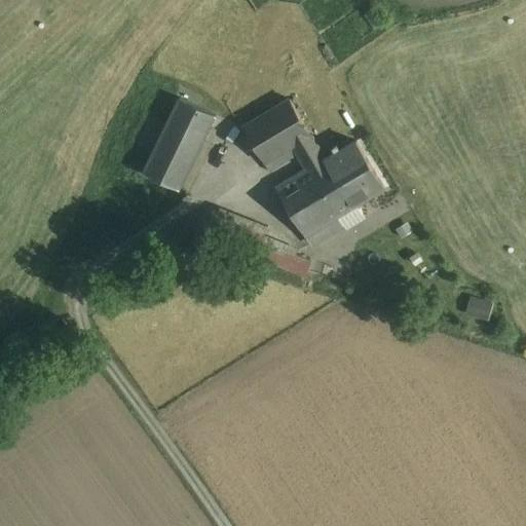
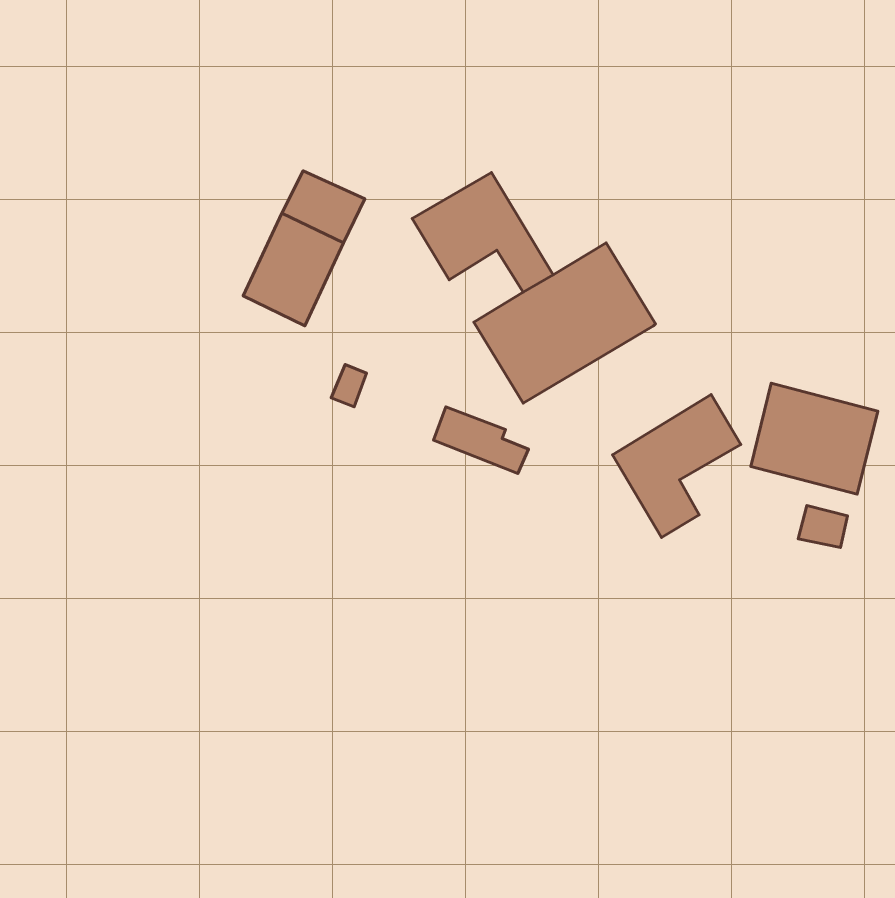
building: none -> [751,383,878,494]
building: none -> [613,395,741,538]

